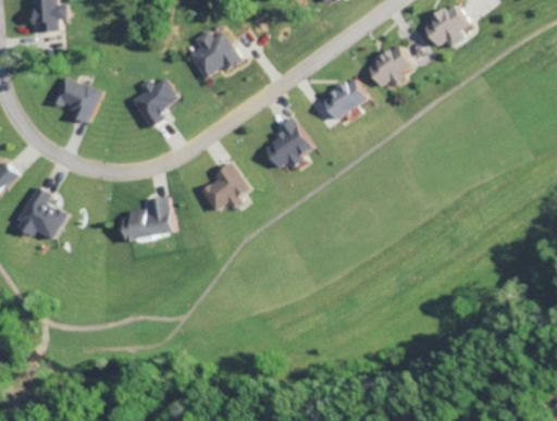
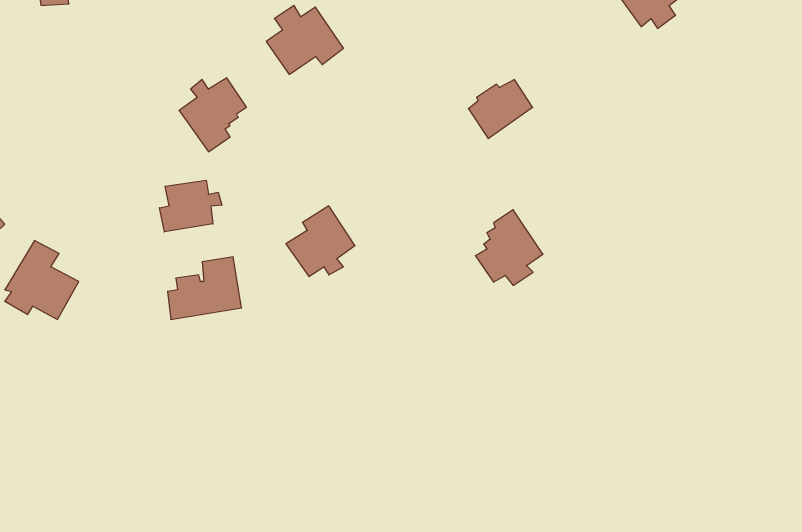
building: [369,46,410,86] -> none
building: [52,75,101,124] -> none
building: [267,119,311,169] -> [475,210,543,285]
building: none -> [159,180,222,232]

